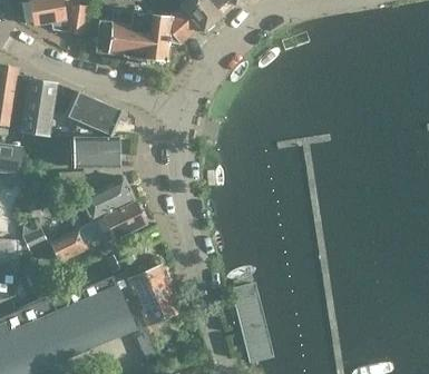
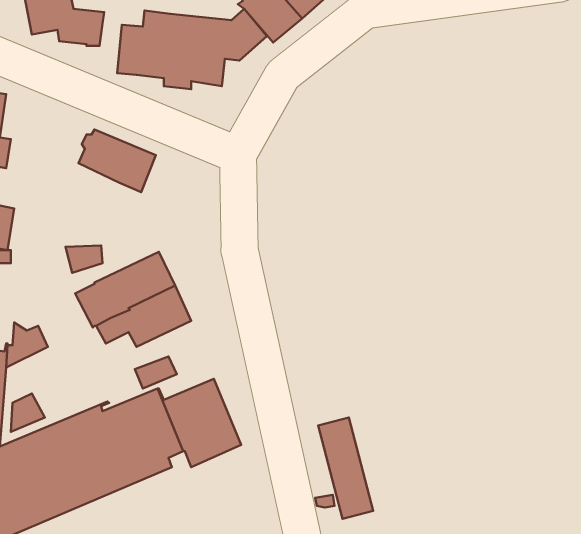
building: [20,79,57,136] -> none
building: [74,136,118,168] -> none
building: [50,228,89,262] -> none

